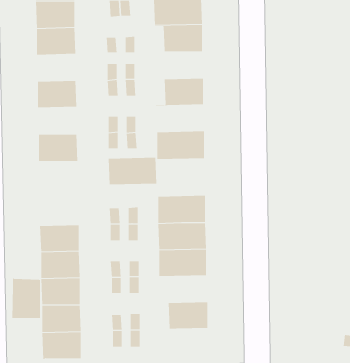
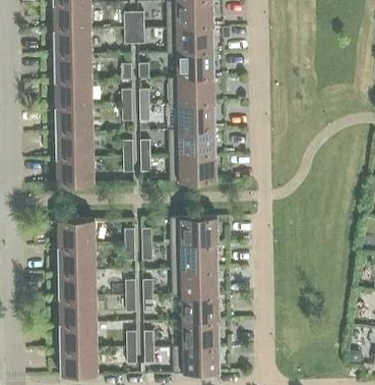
building: none -> [168,78,215,106]
building: none -> [54,81,92,108]
building: none -> [55,132,93,159]
building: [108,157,157,185] -> [169,130,216,157]
building: none -> [57,220,96,248]
building: [12,270,40,319] -> none
building: none -> [172,295,220,322]
building: none -> [173,346,221,374]

